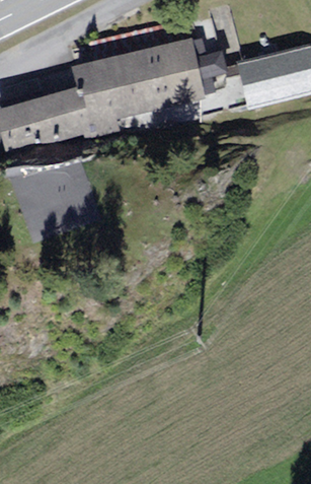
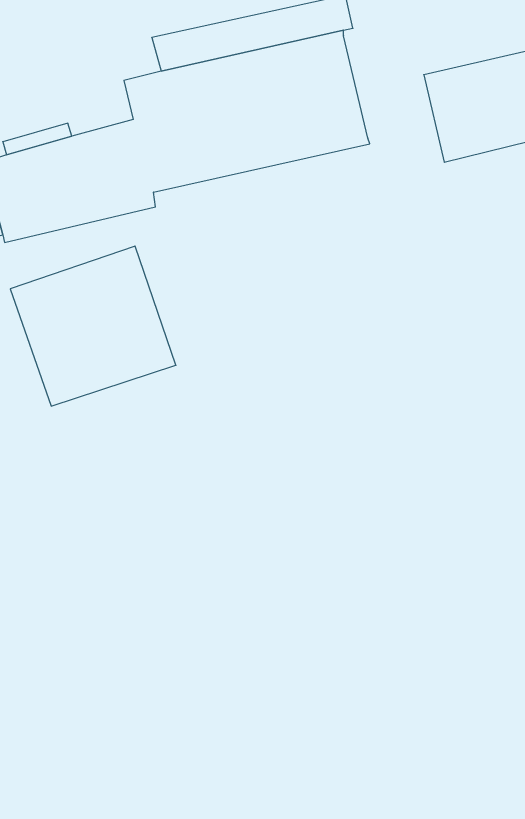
building: [192,41,228,98] -> none

